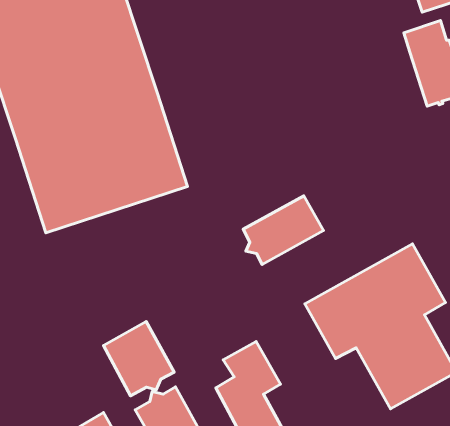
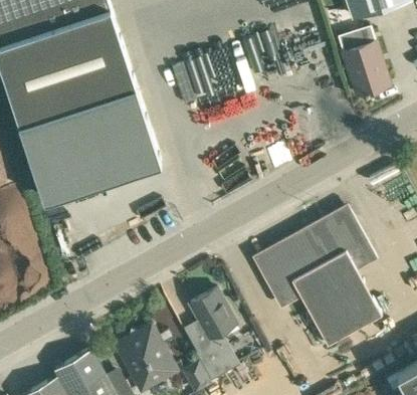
building: [243,196,323,265] -> none
building: [103,322,174,396] -> none

